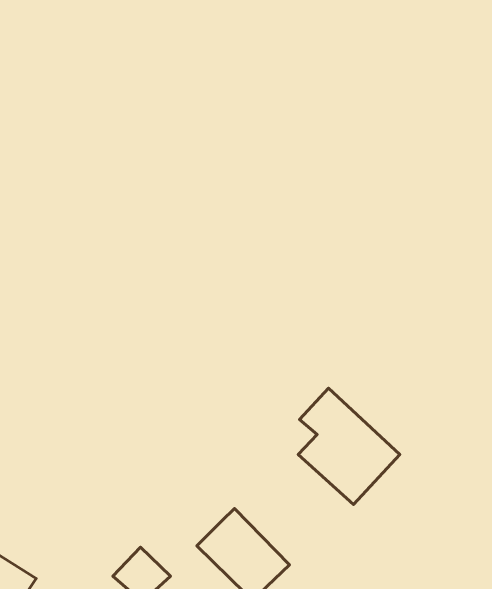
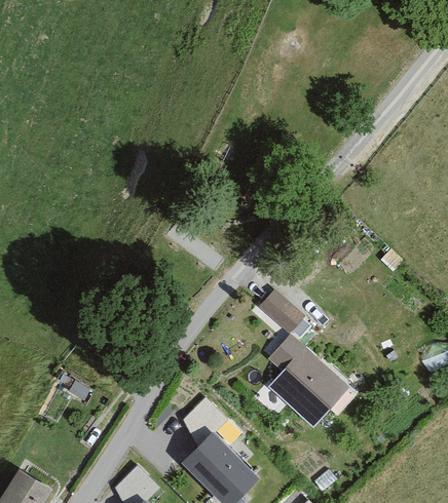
building: none -> [259,289,304,334]
building: none -> [181,396,228,442]

